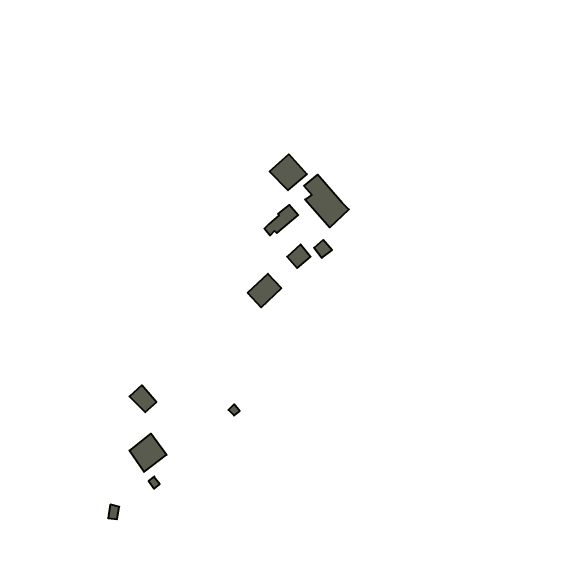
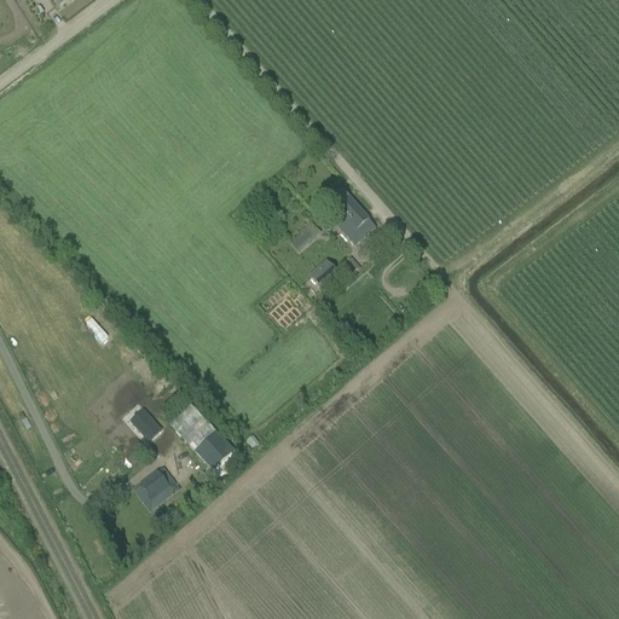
building: [270,154,307,190] -> none
building: none -> [185,418,235,470]

